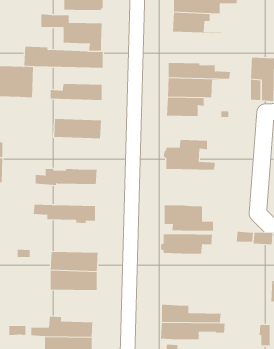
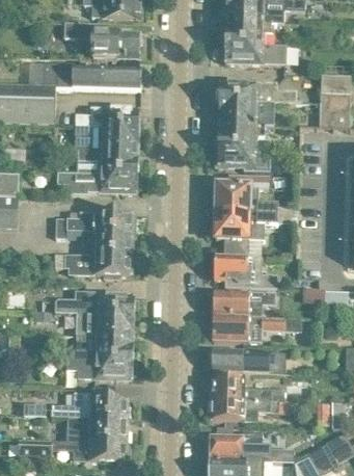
building: none -> [221,44,285,64]
building: none -> [74,126,139,152]
building: none -> [215,147,267,168]
building: none -> [56,173,141,194]
building: none -> [212,207,289,257]
building: none -> [55,230,132,257]
building: none -> [54,290,134,314]
building: none -> [209,315,284,342]
building: none -> [211,349,278,373]
building: none -> [65,360,136,379]

